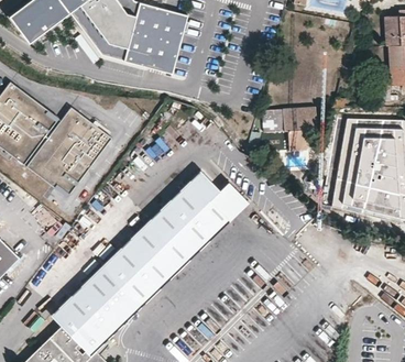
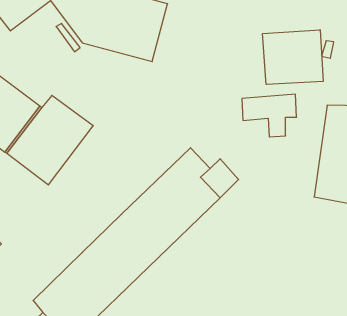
building: none -> [263,30,323,84]

